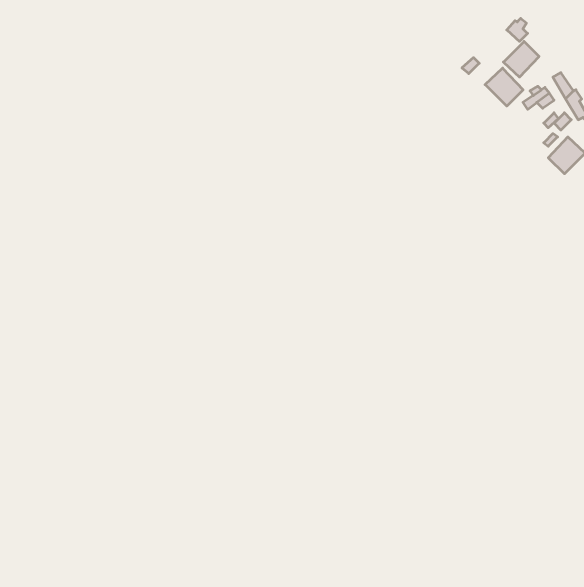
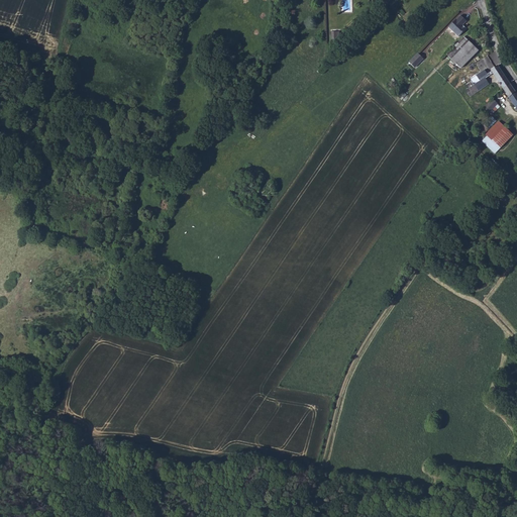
building: [485,68,523,106] -> none

